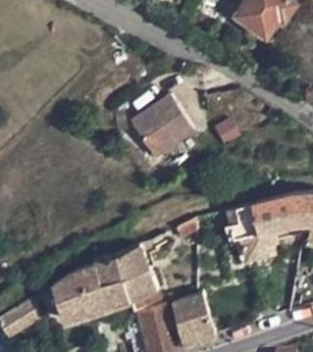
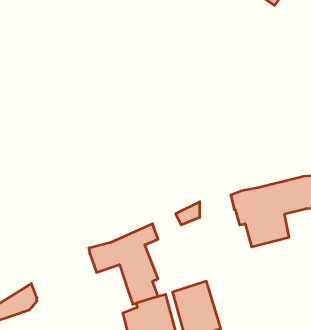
building: [131,96,193,156] -> none
building: [52,266,129,323] -> none

